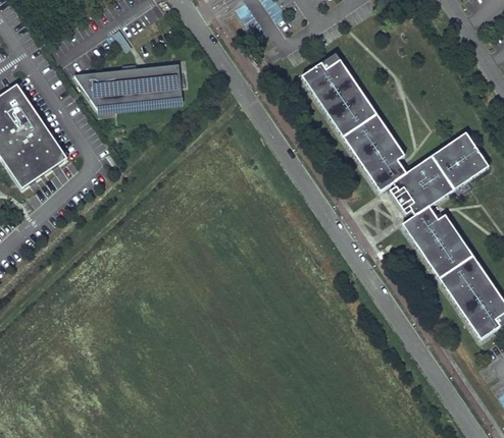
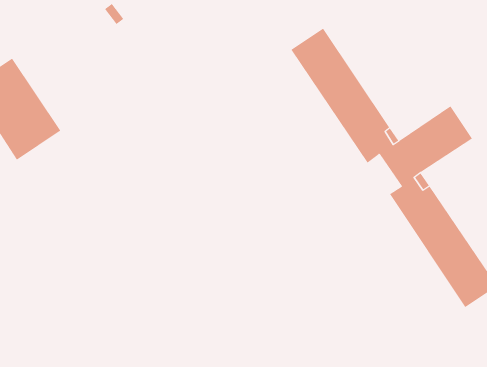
building: [73,64,182,109] -> none

